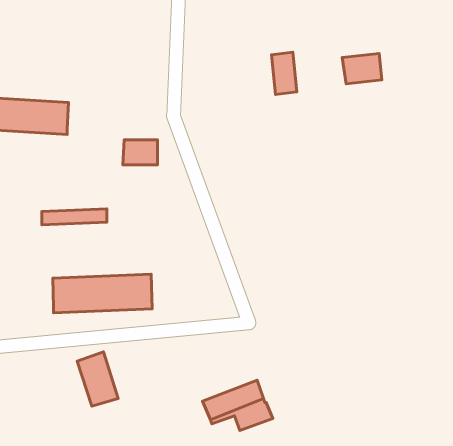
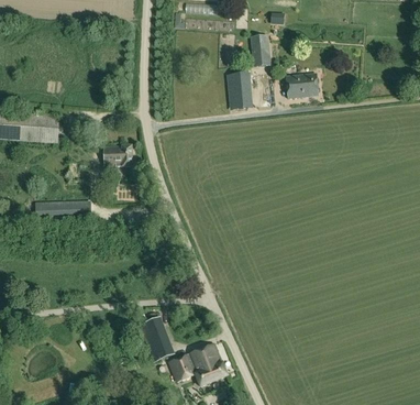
building: none -> [250,35,270,67]
building: [53,274,152,313] -> none
building: [77,352,118,406] -> [139,317,173,362]

